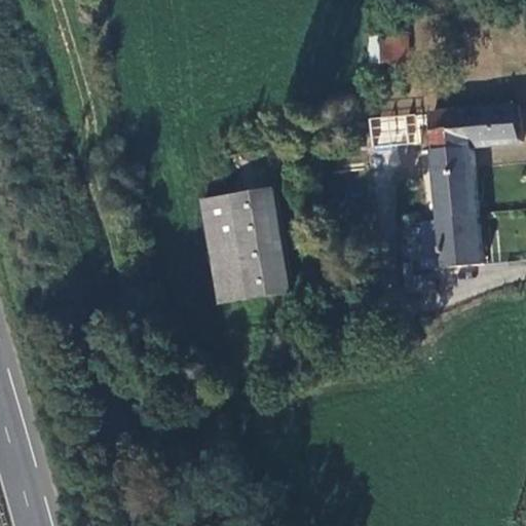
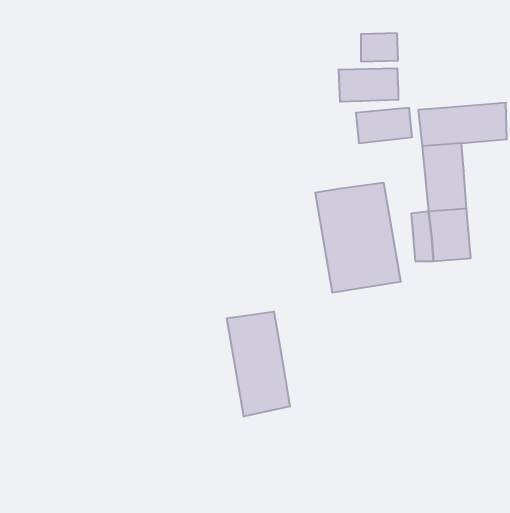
building: none -> [339,68,398,102]
building: [201,189,289,301] -> [315,183,401,293]
building: none -> [227,311,290,417]

